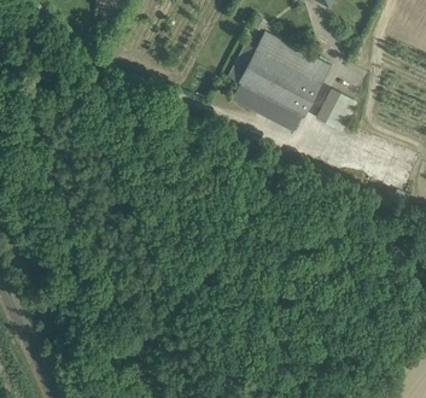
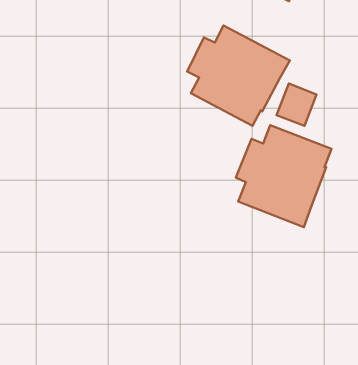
building: none -> [236,125,331,227]

